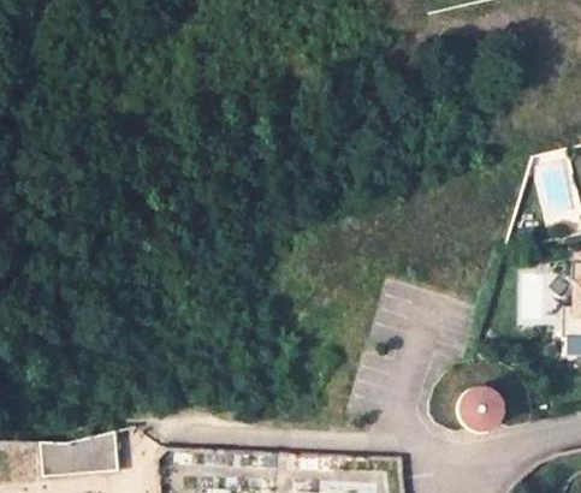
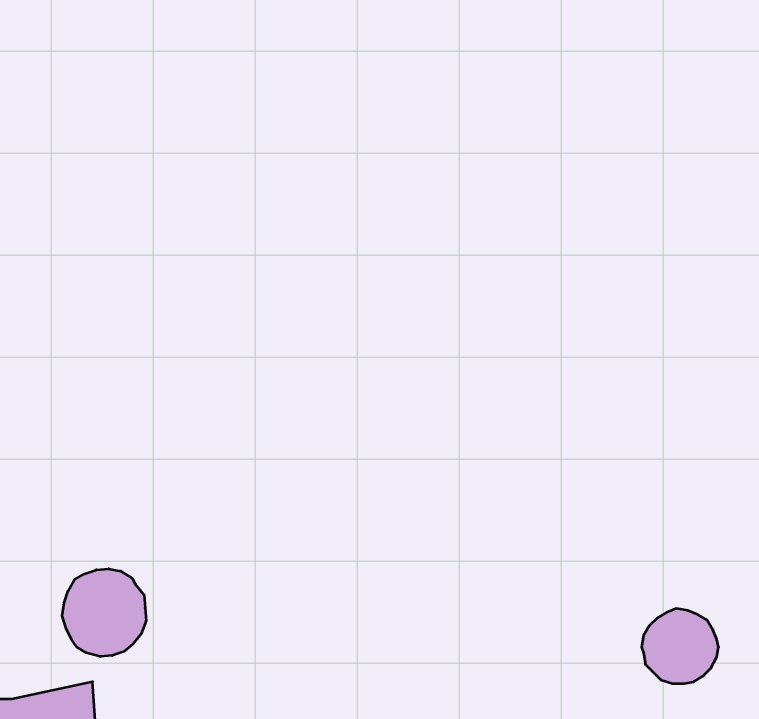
building: none -> [62,569,146,657]

